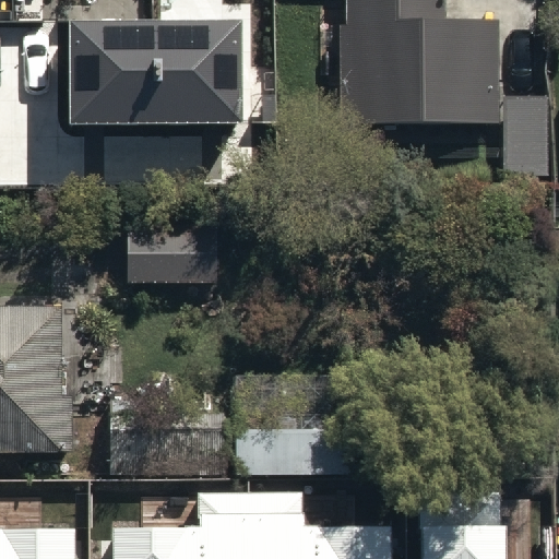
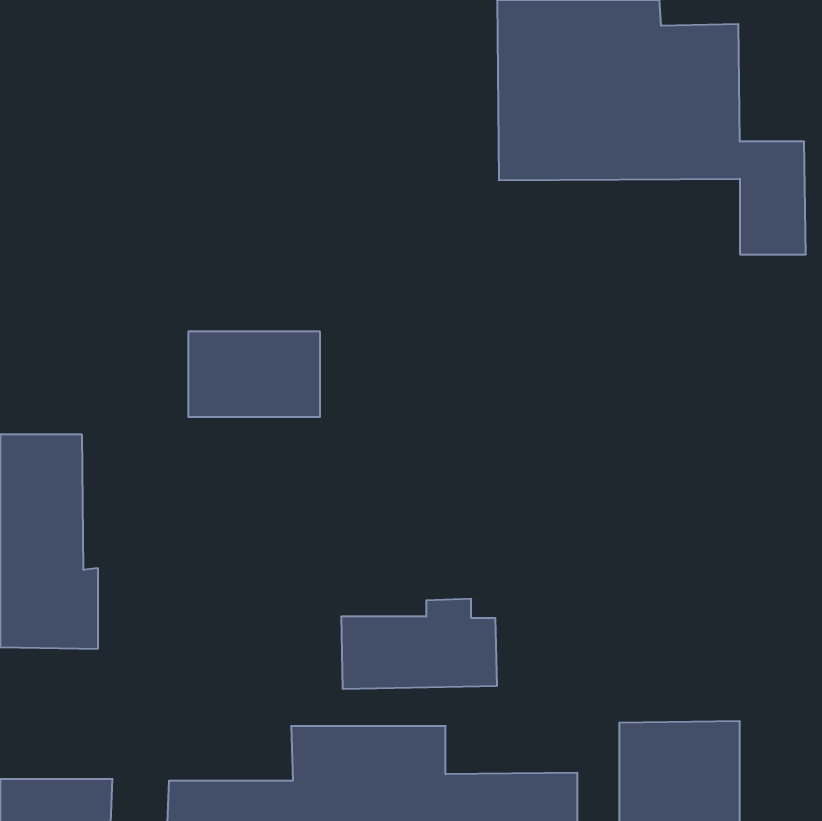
building: [70,20,243,127] -> none

